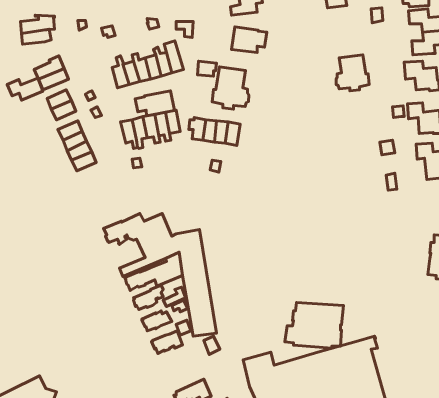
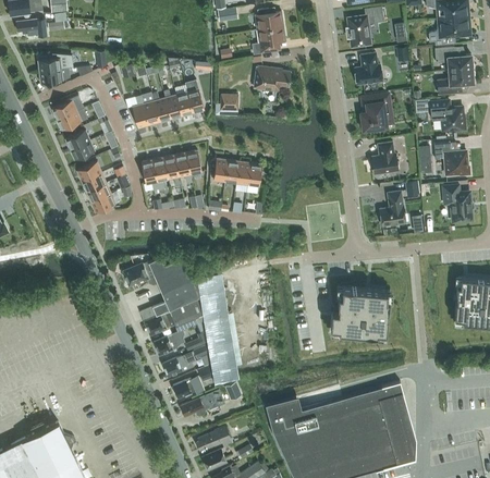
building: none -> [355,53,382,85]
building: [212,67,249,109] -> none
building: [7,78,43,100] -> none
building: [135,91,174,116] -> none
building: none -> [371,143,399,174]
building: none -> [379,192,405,228]
building: [285,302,344,348] -> [330,289,390,335]
building: none -> [180,390,224,417]

